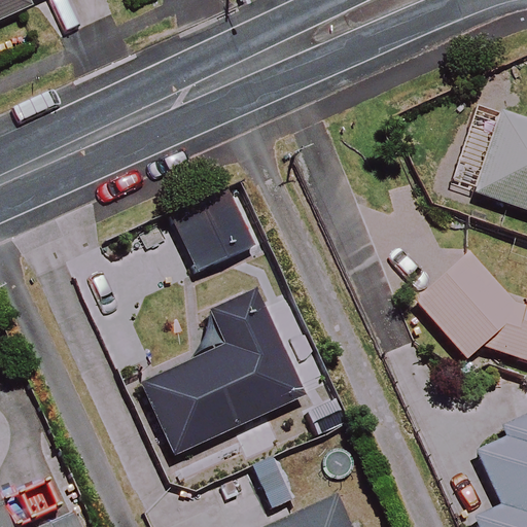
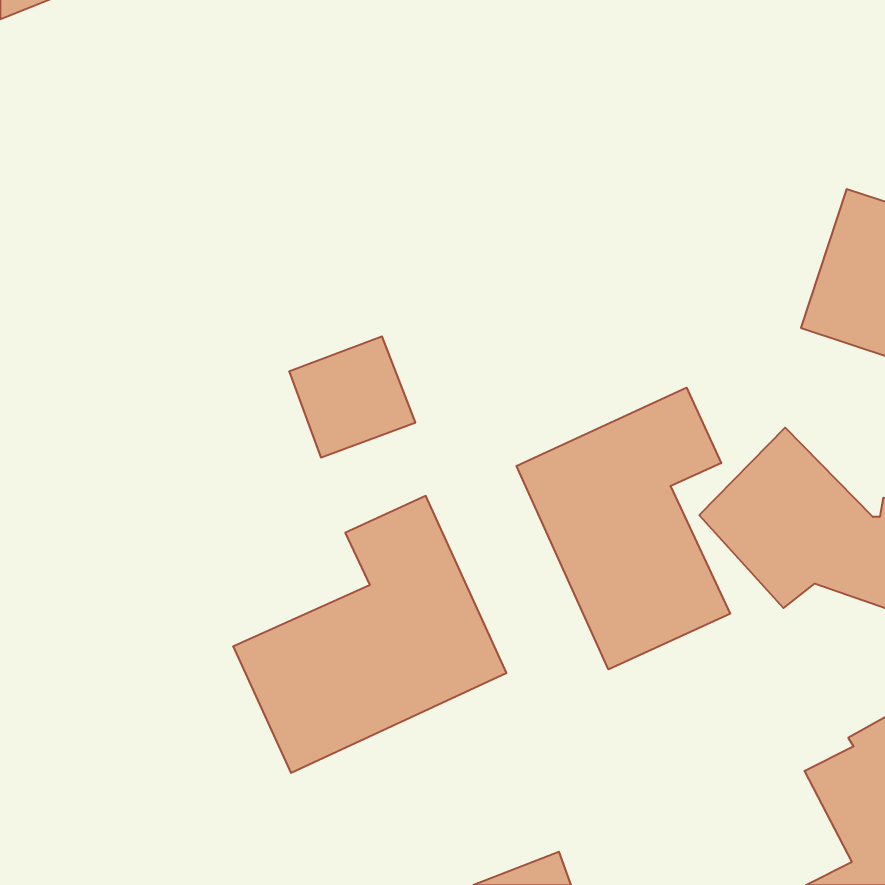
building: none -> [516,388,730,669]

